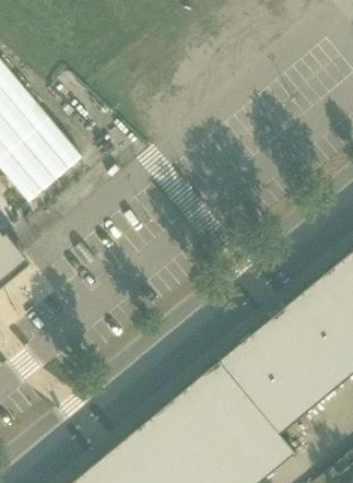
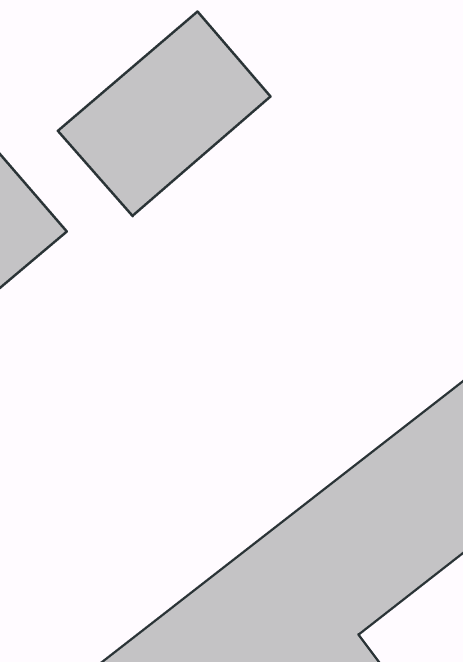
building: none -> [58,12,270,216]

